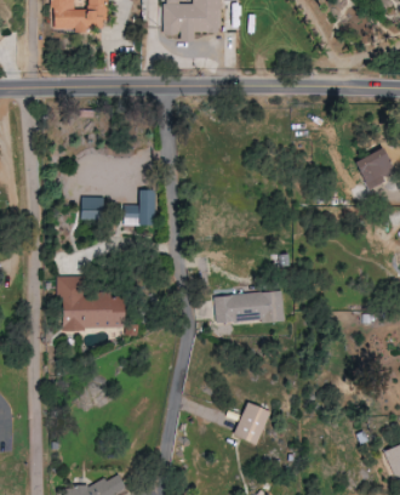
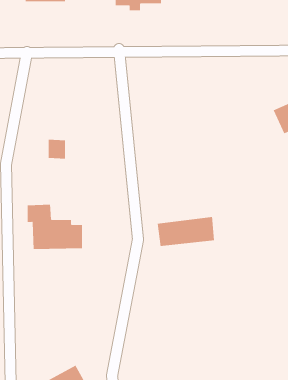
building: [124,189,154,224] -> none
building: [234,403,269,444] -> none

